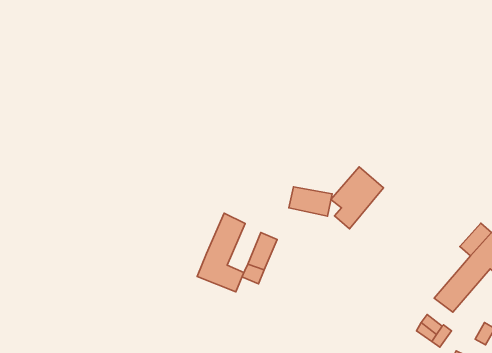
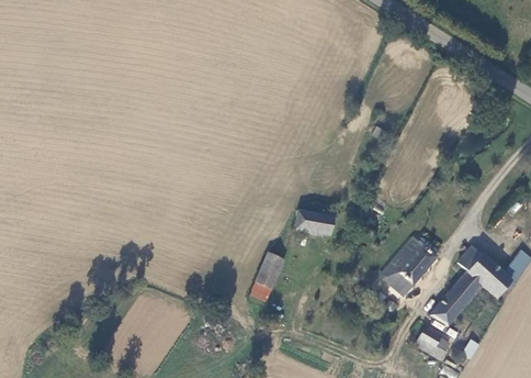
building: [331,167,384,229] -> [387,235,437,293]
building: [197,213,245,292] -> none

